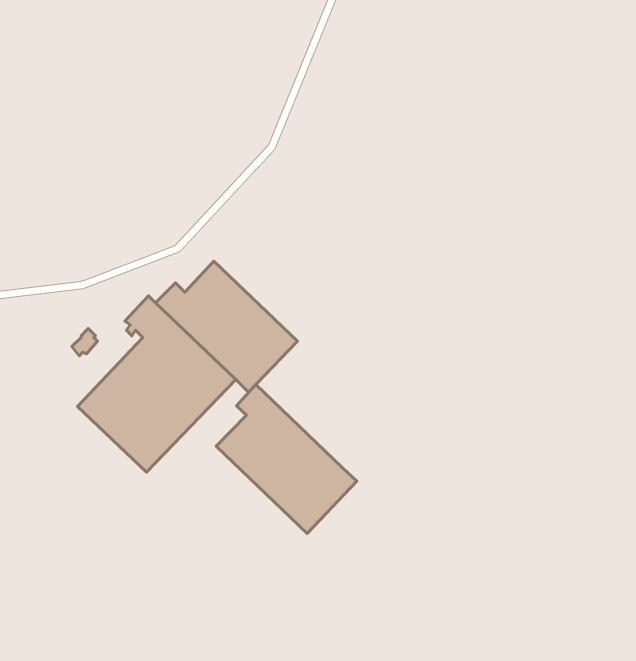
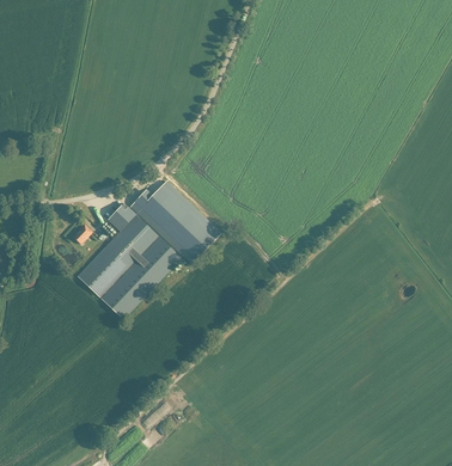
building: [216,384,357,533] -> none

